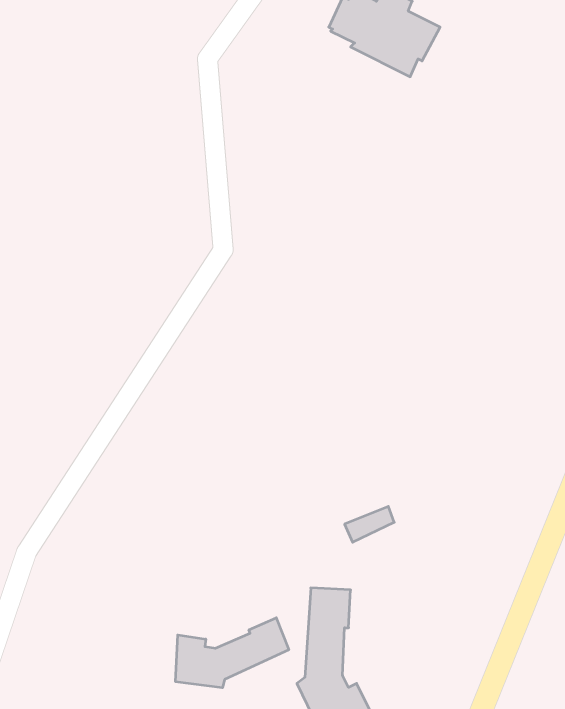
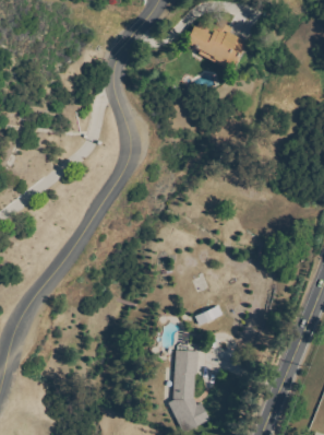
building: [176,618,289,688] -> none

